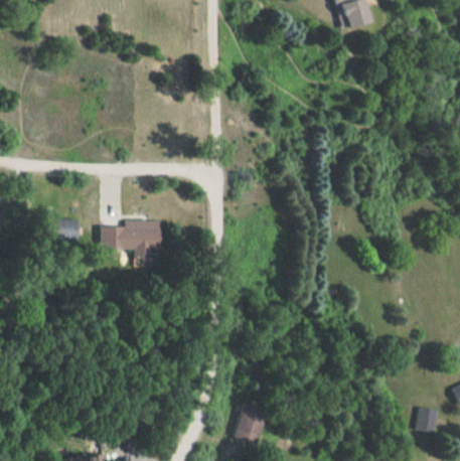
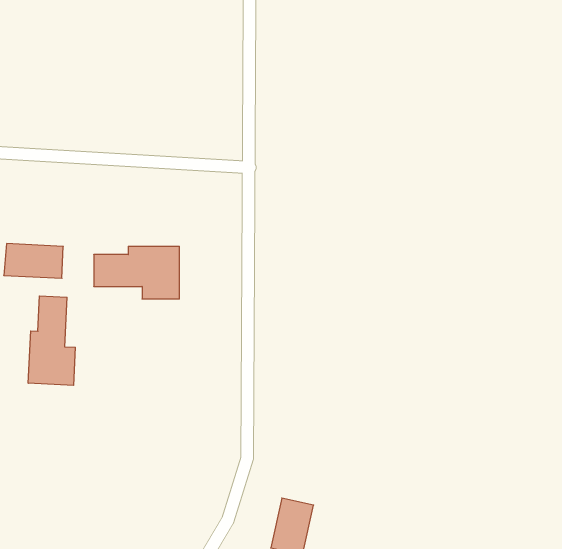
building: none -> [28,296,75,385]
building: [421,410,439,433] -> none

